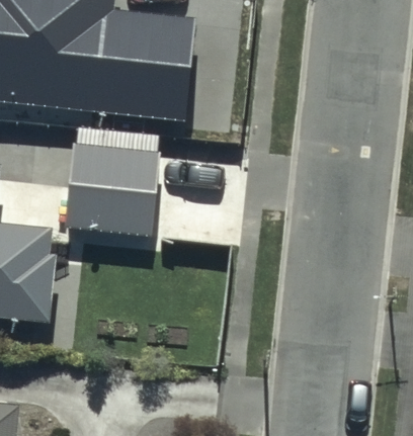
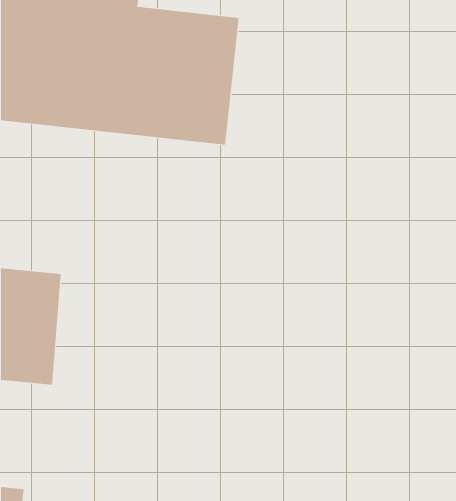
building: [64,143,158,231] -> none

